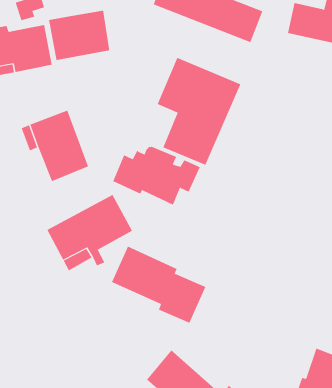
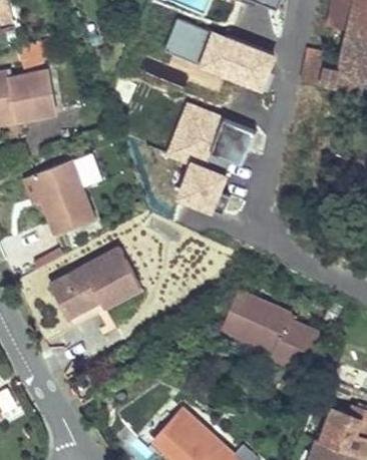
building: [48,10,110,61] -> none
building: [112,146,201,205] -> none
building: [111,246,206,323] -> [221,290,320,371]

